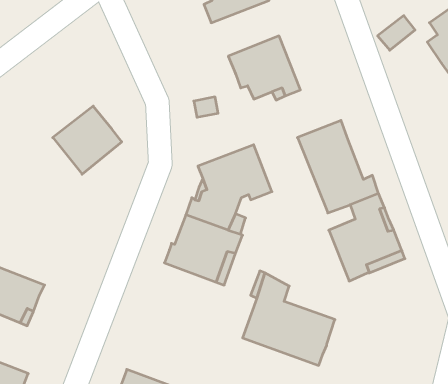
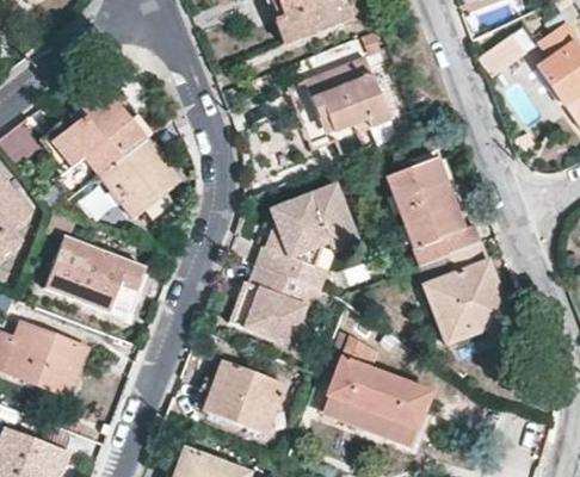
building: none -> [51,91,146,175]
building: none -> [45,236,144,310]
building: none -> [204,359,282,433]

